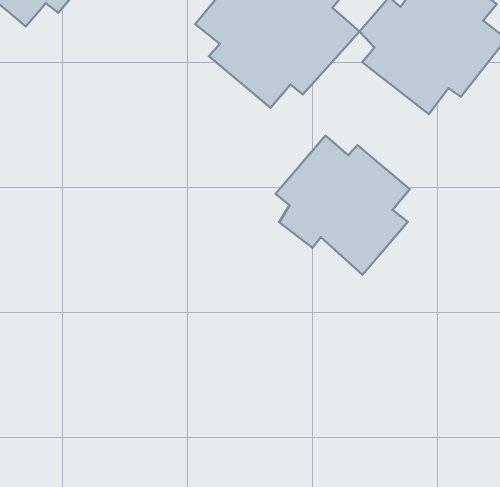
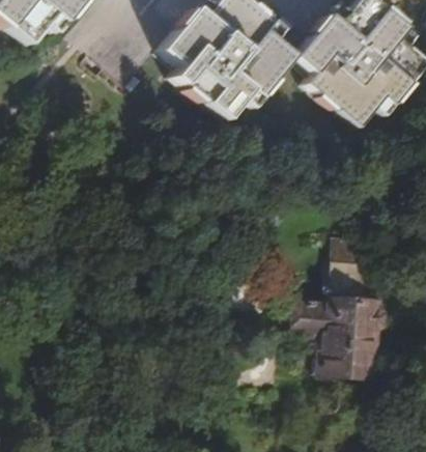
building: [275,135,410,275] -> none
building: none -> [285,253,376,375]

